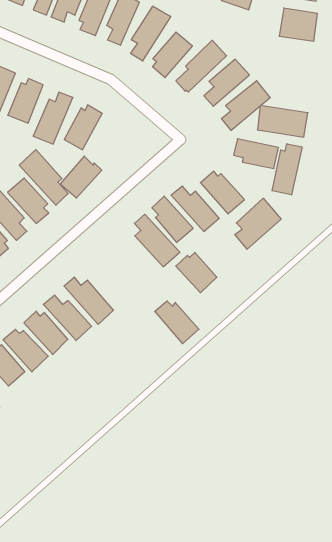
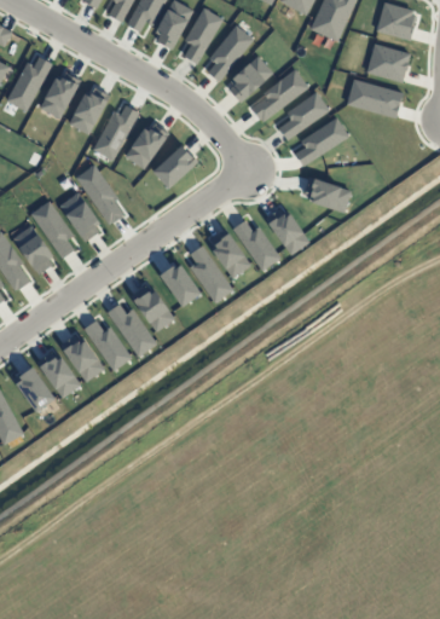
building: [257,106,308,137] -> [347,79,403,117]
building: [272,144,302,195] -> none
building: [60,156,102,198] -> [154,145,199,189]
building: [235,198,281,249] -> none
building: [176,252,217,293] -> [160,264,202,307]
building: [155,301,199,344] -> [131,285,175,332]

